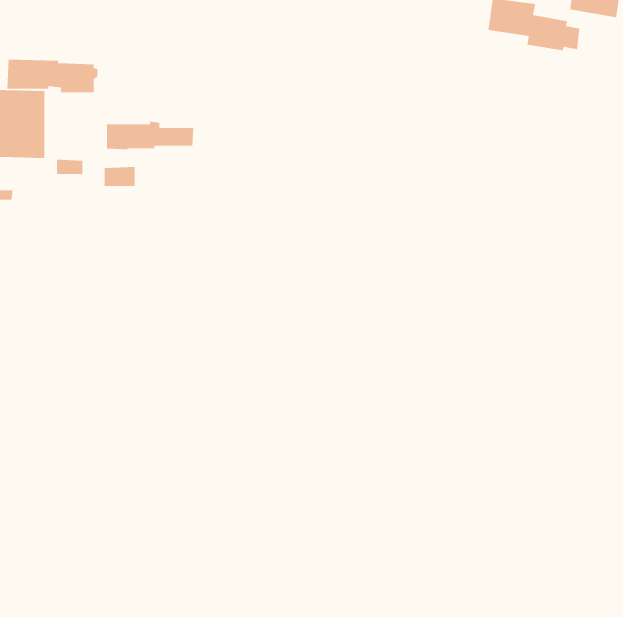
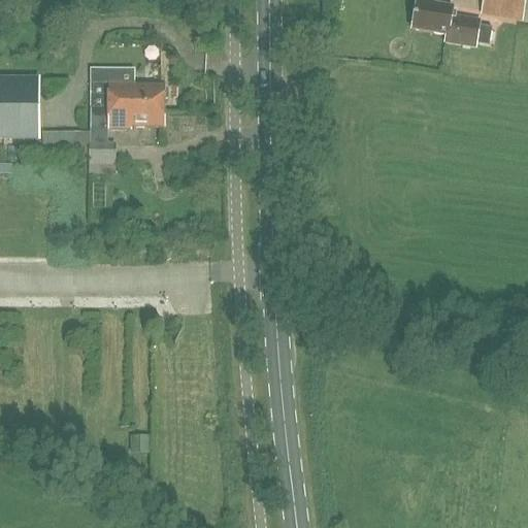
building: [6,59,98,93] -> [90,78,167,107]

